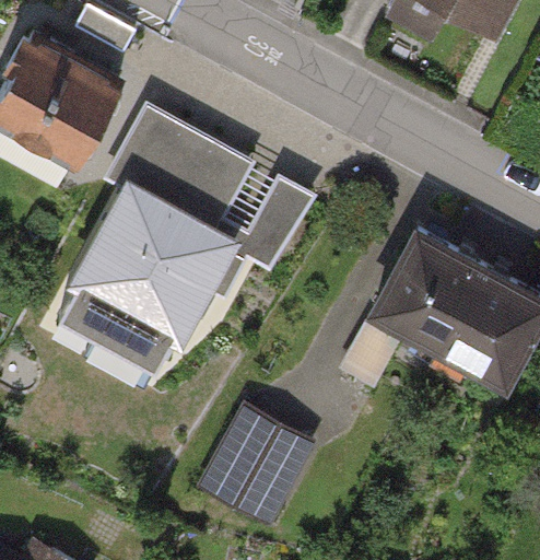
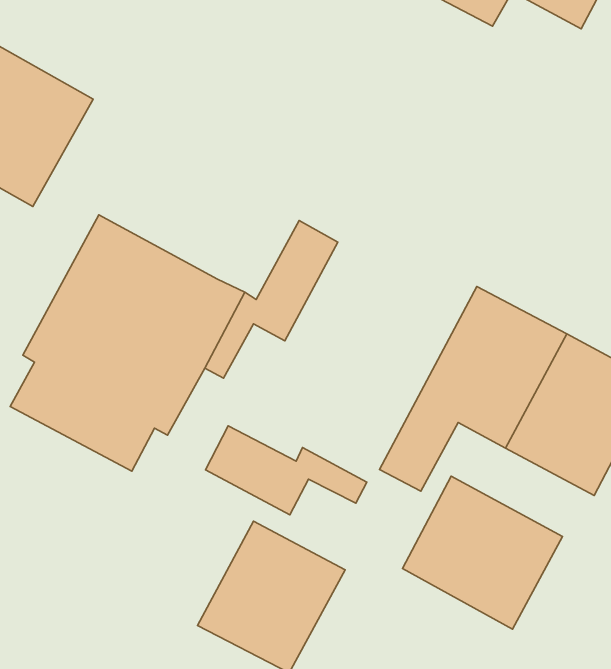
building: [113,108,250,224] -> none
building: none -> [205,426,367,515]
building: none -> [402,476,563,629]

